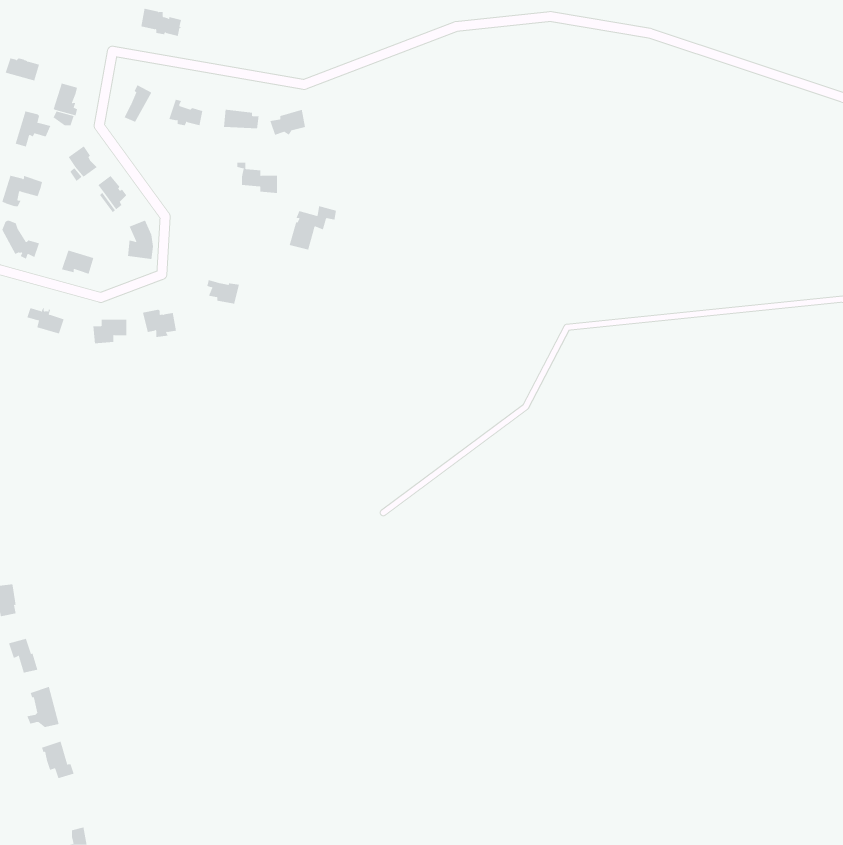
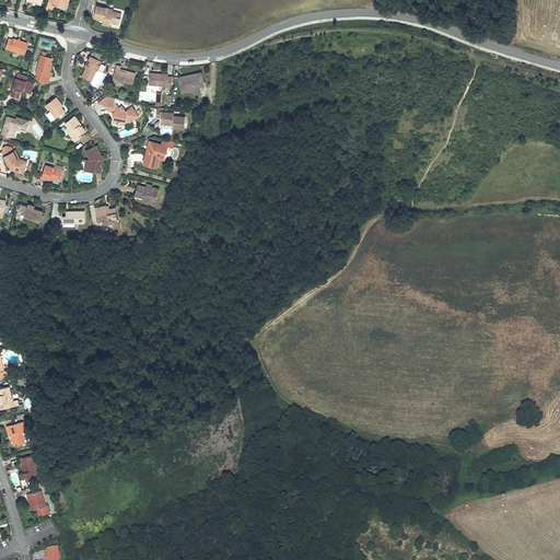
building: none -> [104,100,138,125]
building: [289,205,337,250] -> [142,138,174,167]

